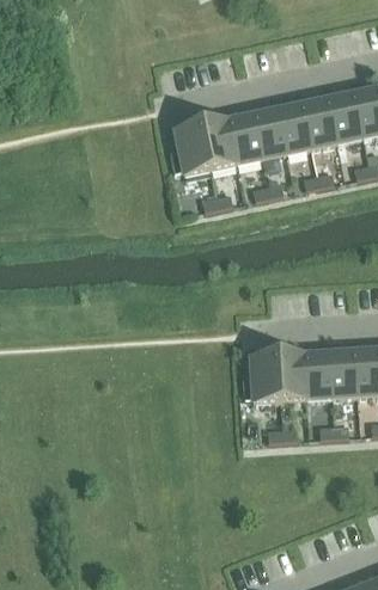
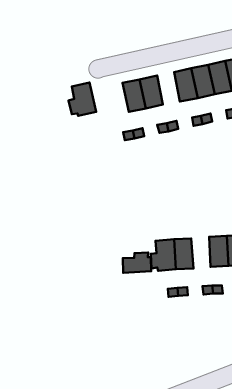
building: [255,107,288,155] -> none
building: [172,123,213,172] -> [69,83,96,116]
building: [305,350,334,397] -> none
building: none -> [123,253,151,273]

